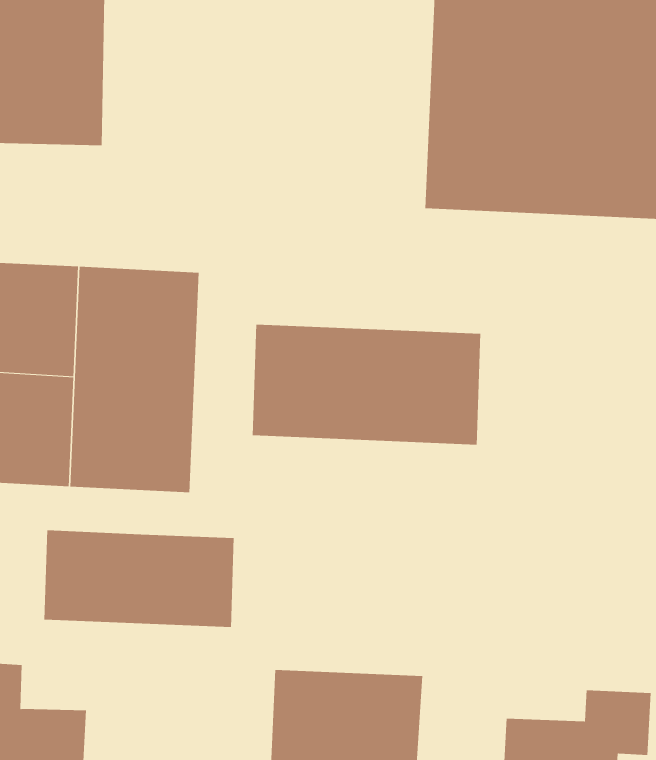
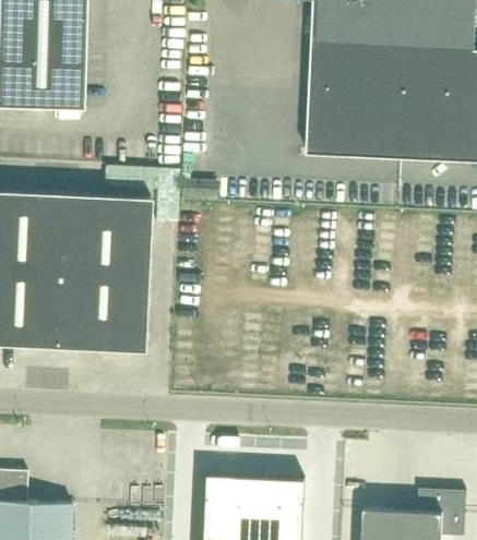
building: [252,324,481,446] -> none
building: [44,530,234,628] -> none

